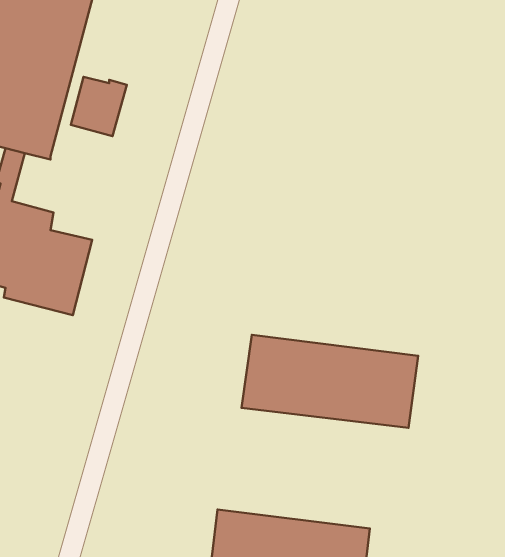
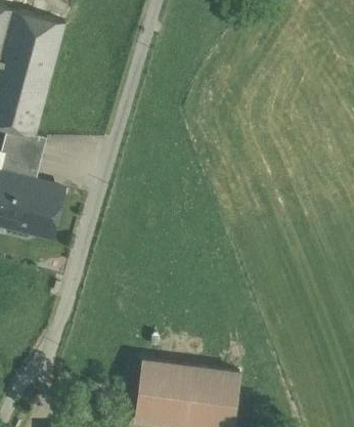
building: [71,77,127,136] -> [10,133,46,171]
building: [242,335,418,428] -> none

